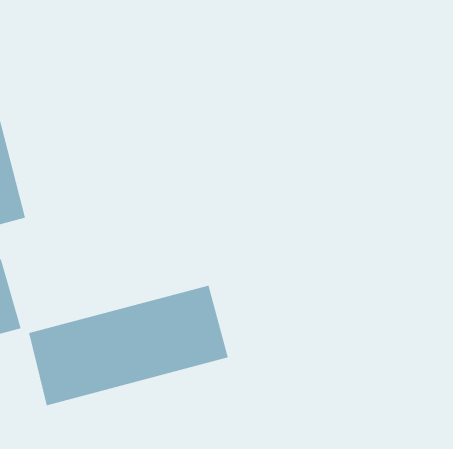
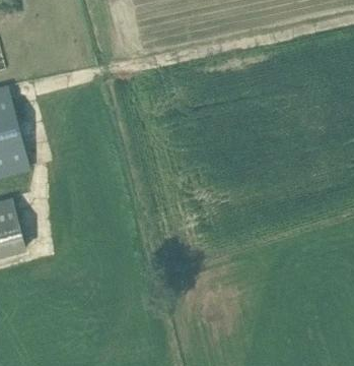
building: [29,285,228,406] -> none

